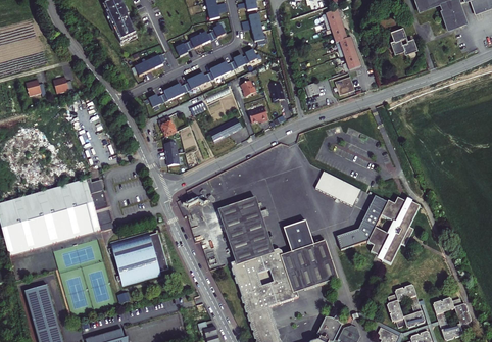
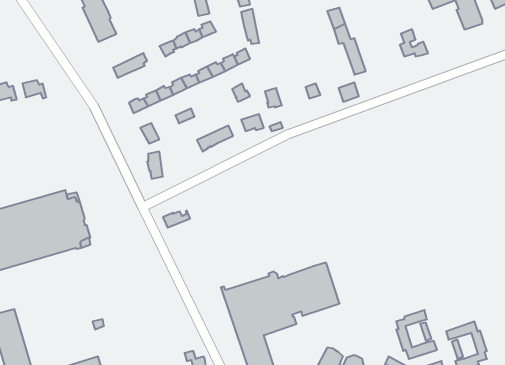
building: [315,170,360,205] -> none
building: [337,193,420,262] -> none
building: [216,197,273,265] -> none
building: [283,219,314,252] -> none
building: [102,229,163,284] -> none

